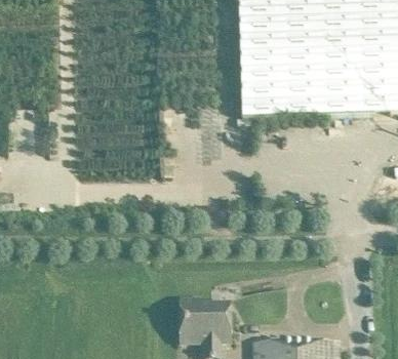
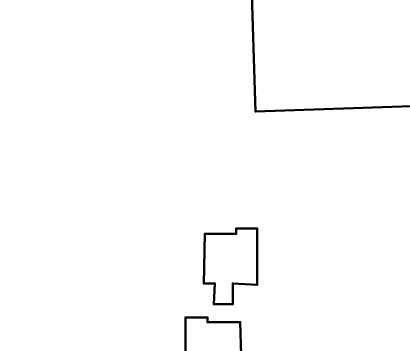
building: none -> [204,229,257,304]

